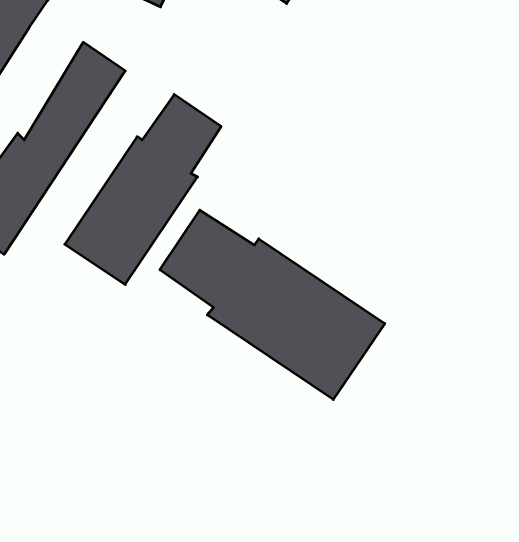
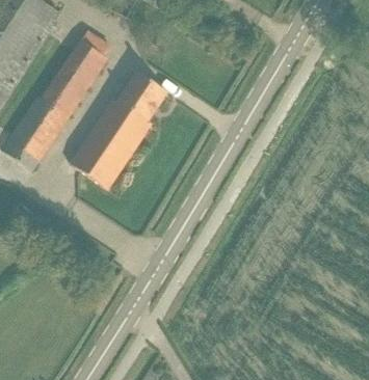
building: [160,210,385,400] -> none

